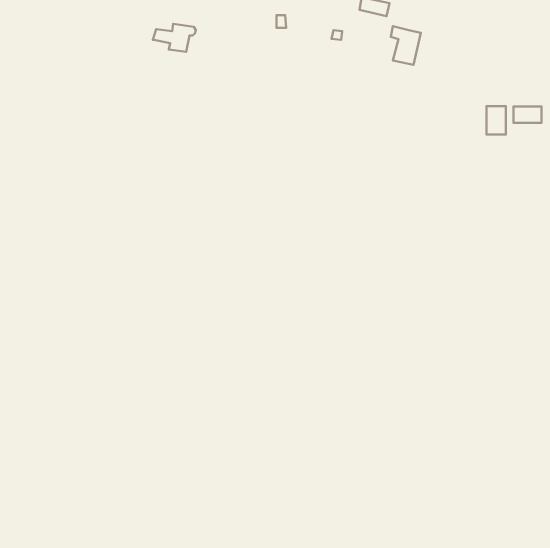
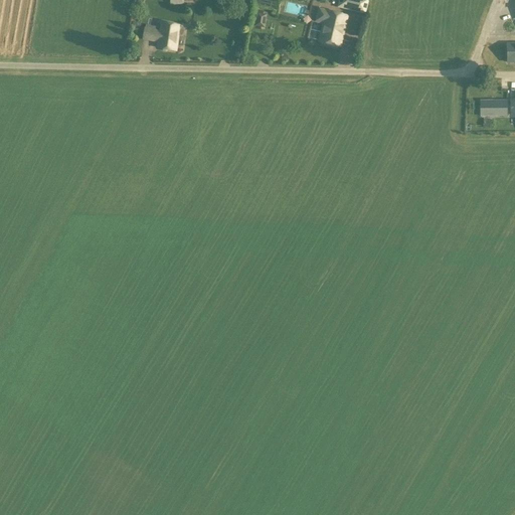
building: [391,26,421,65] -> [318,8,346,44]
building: [486,106,506,134] -> none

